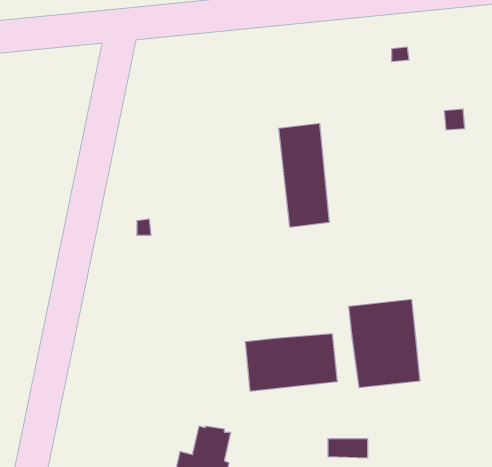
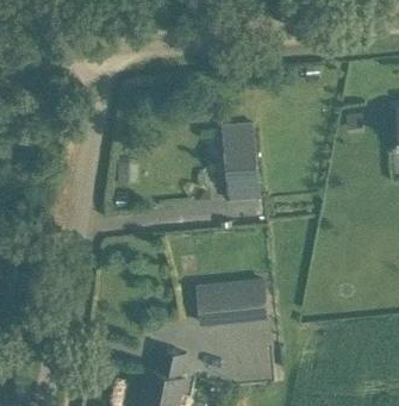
building: [349,299,420,388] -> none

